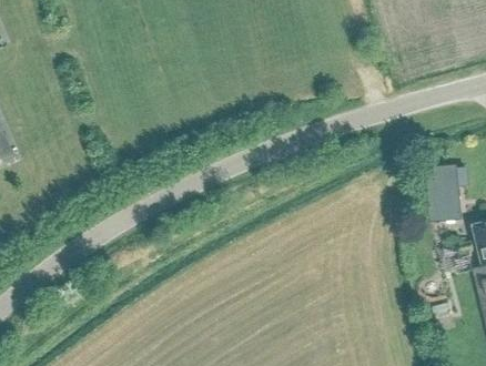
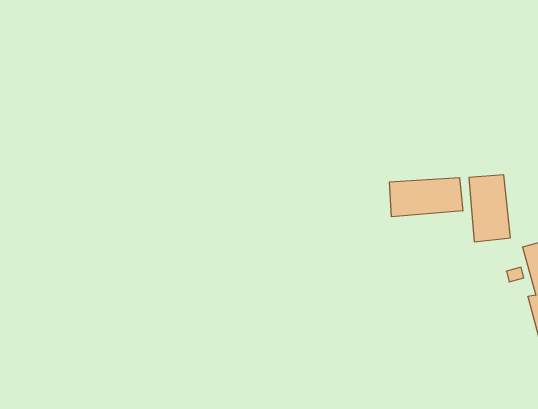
building: none -> [390,178,463,217]

